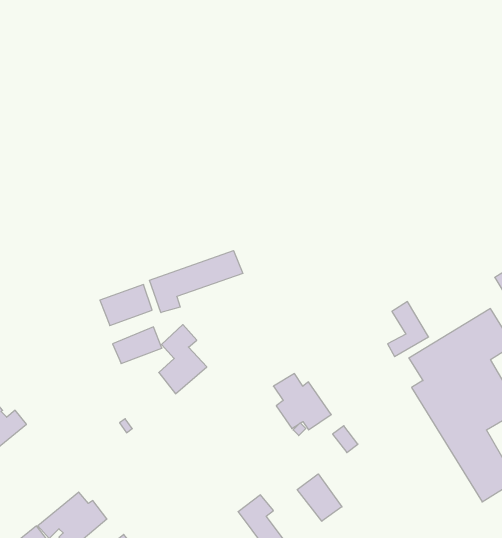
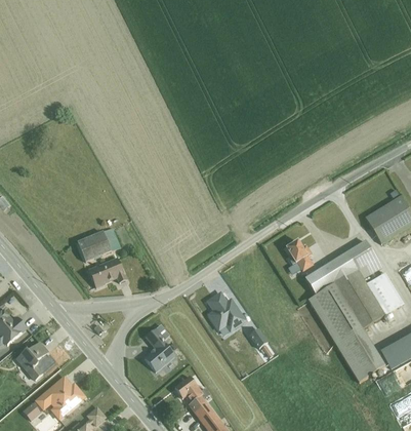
building: [150,251,243,313] -> none
building: [159,325,207,394] -> [143,323,178,374]
building: none -> [15,342,48,381]
building: [297,474,342,521] -> none

